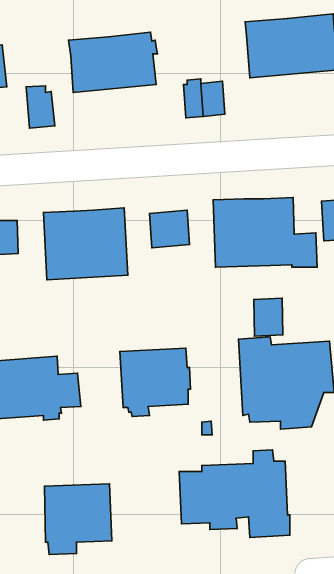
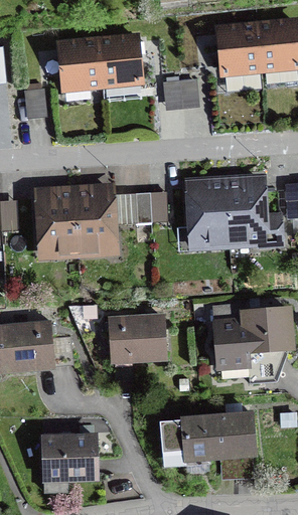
building: [254,298,283,336] -> none

